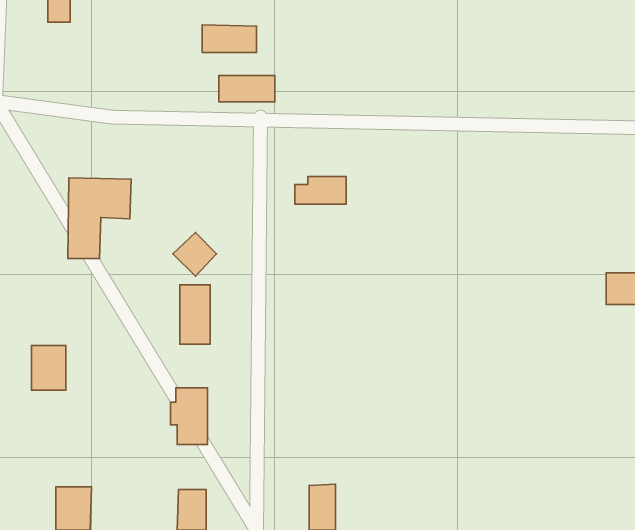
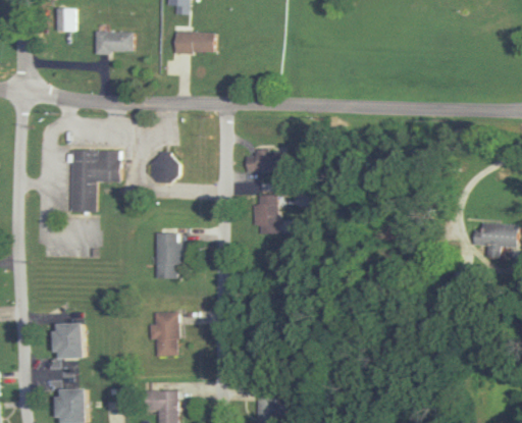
building: none -> [95,32,133,53]
building: [219,76,275,102] -> none
building: [173,233,217,276] -> [145,150,178,183]
building: none -> [256,195,279,233]
building: [32,345,66,390] -> [57,324,84,359]

